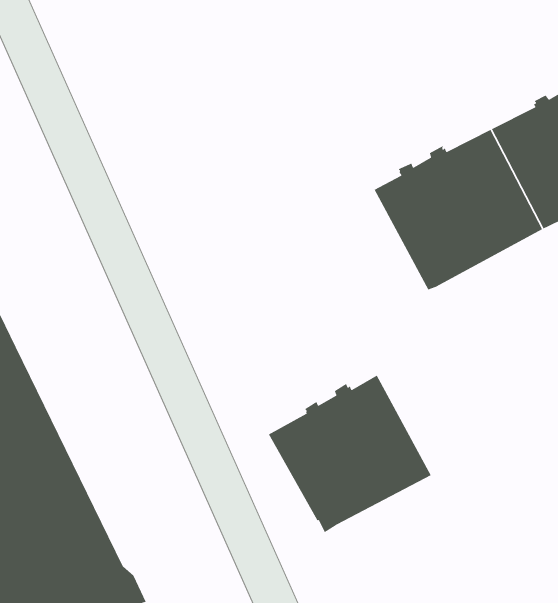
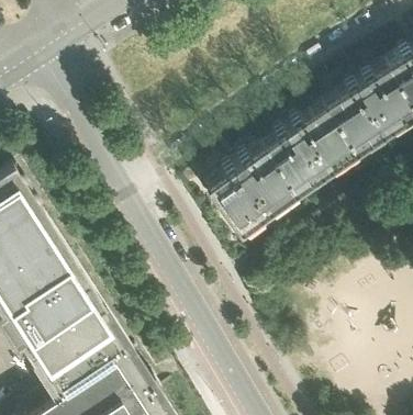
building: [268,375,432,533] -> [202,149,297,242]

